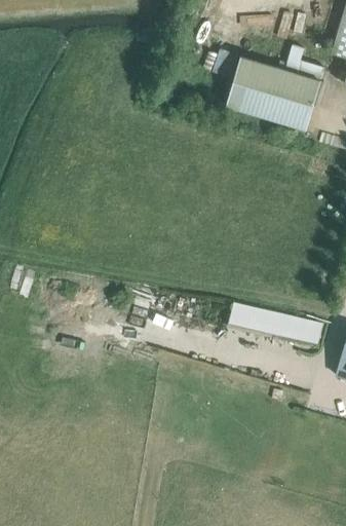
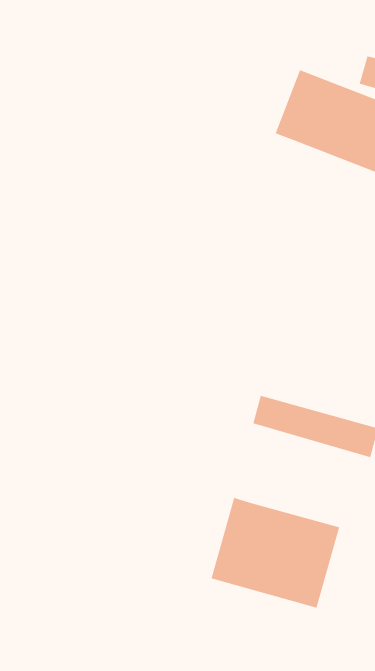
building: none -> [211,497,340,608]

